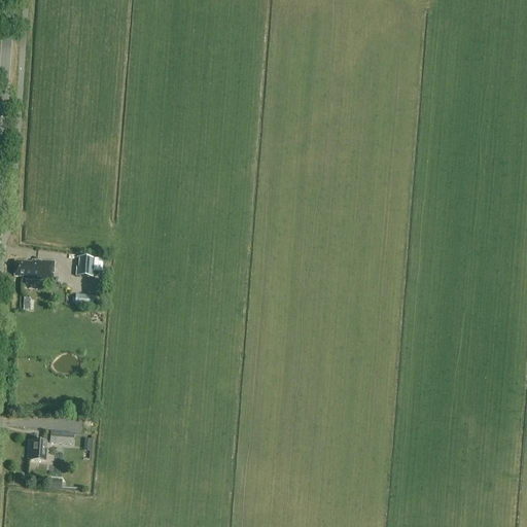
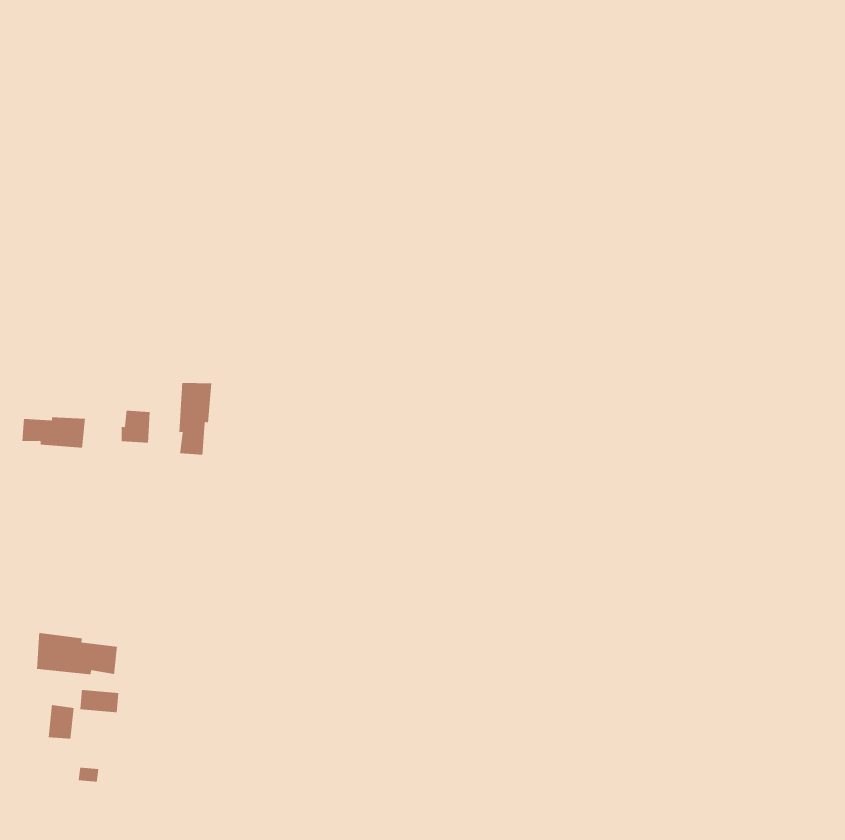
building: none -> [179,382,212,455]
building: none -> [36,632,117,675]

